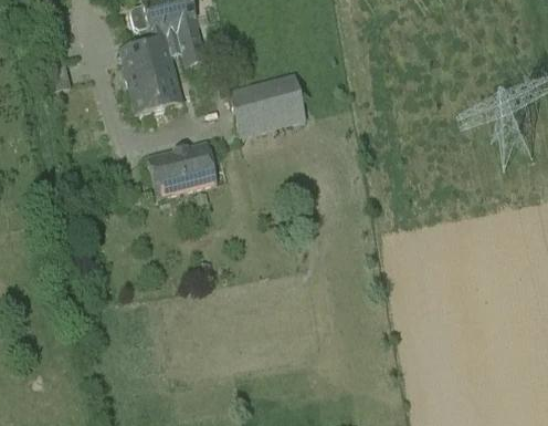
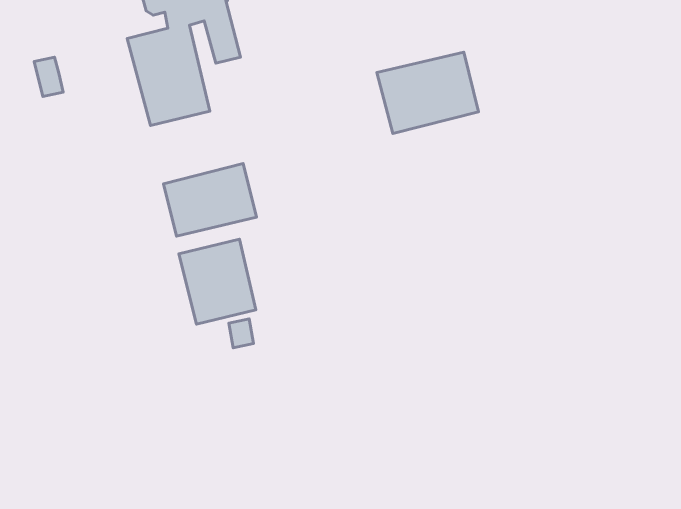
building: [228,75,305,137] -> [377,52,478,134]
building: none -> [179,239,256,324]

